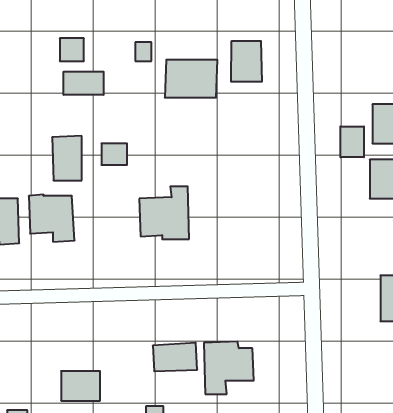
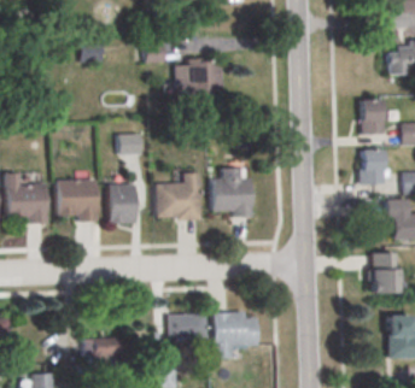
building: [231,41,262,82] -> none
building: [64,72,104,95] -> none
building: [340,126,364,157] -> none
building: [52,136,82,180] -> [106,183,133,223]
building: none -> [209,166,251,216]

